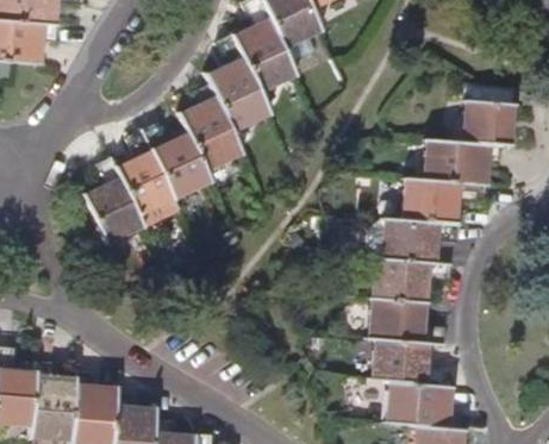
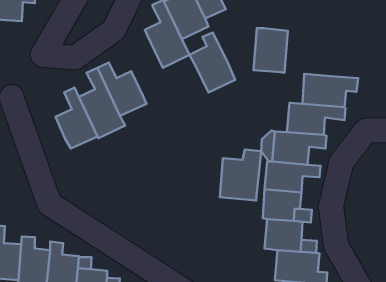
building: [464,83,512,145] -> [253,28,288,73]
building: [179,86,242,169] -> [190,32,235,93]
building: none -> [220,149,261,200]

